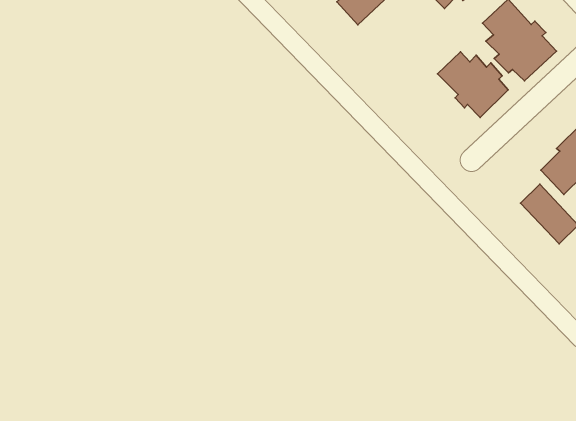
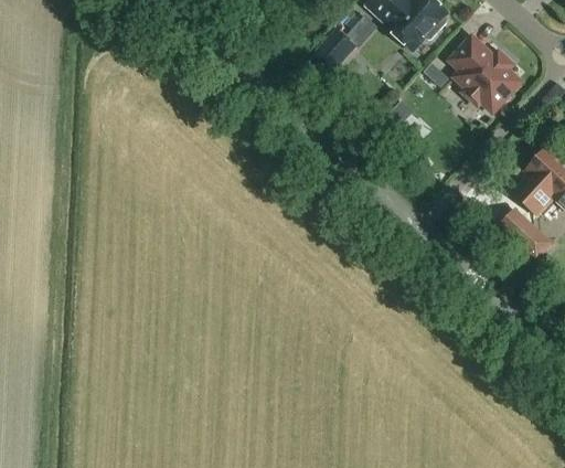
building: [437,52,508,117] -> none

